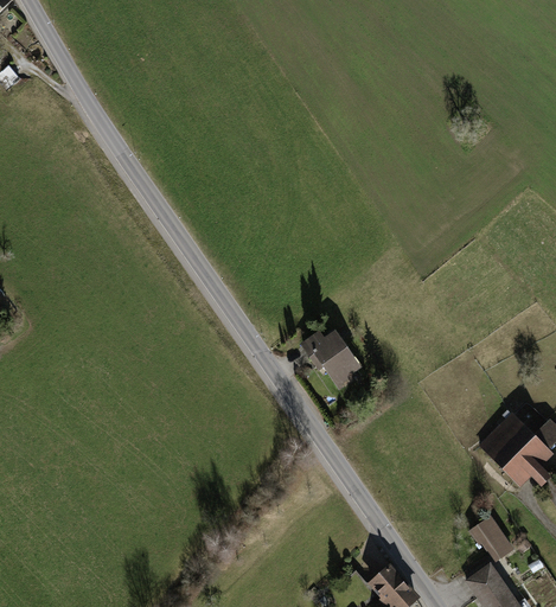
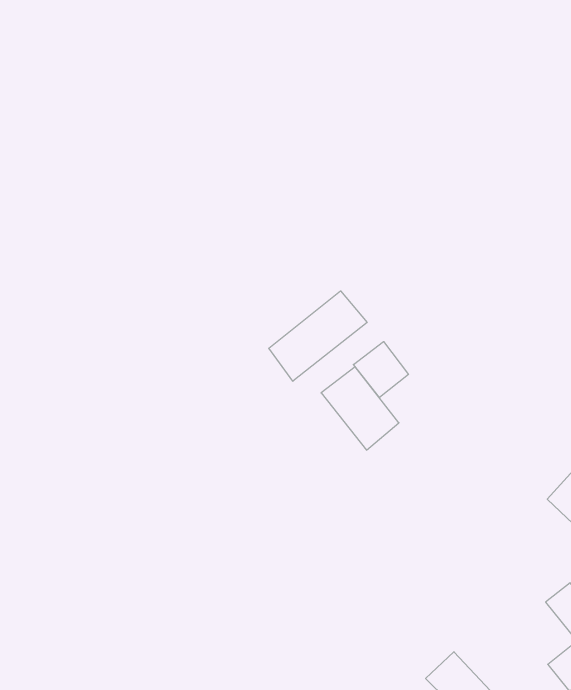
building: none -> [269,291,367,381]
building: none -> [353,342,408,398]

